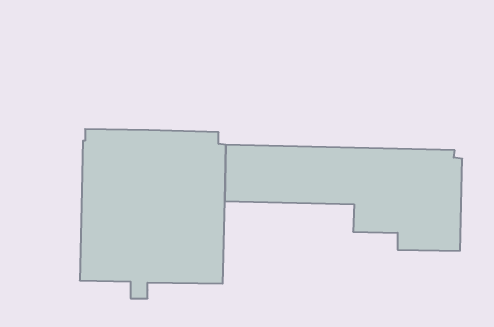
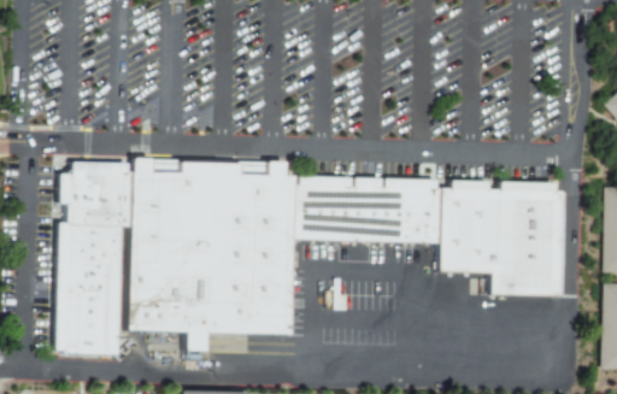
building: none -> [57,161,133,355]

